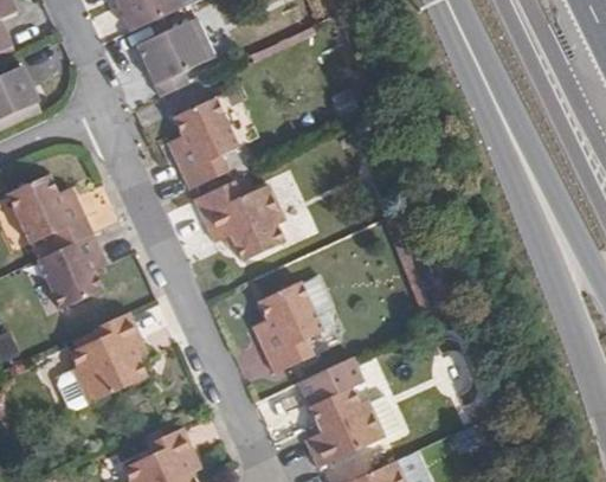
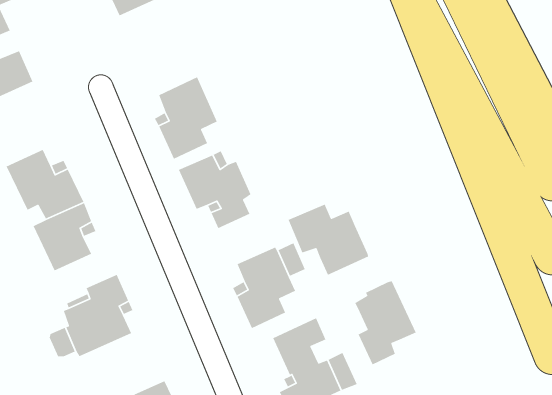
building: [137,18,214,95] -> none
building: none -> [287,203,369,276]
building: none -> [354,280,417,365]

